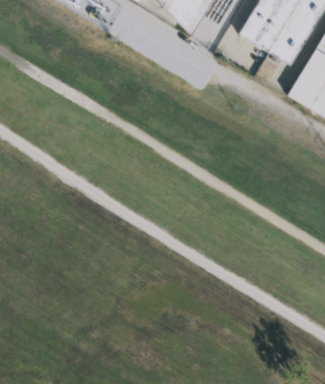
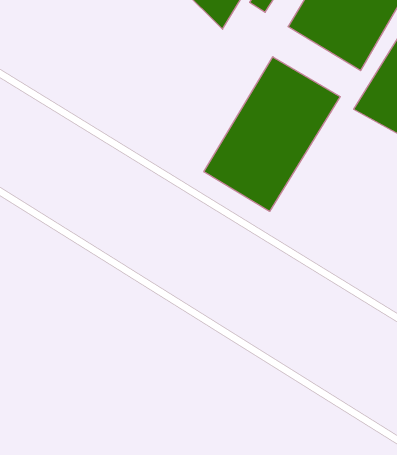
building: none -> [204,57,340,211]

